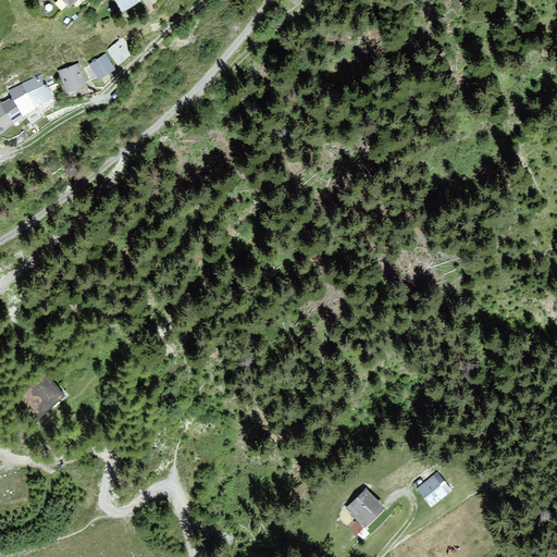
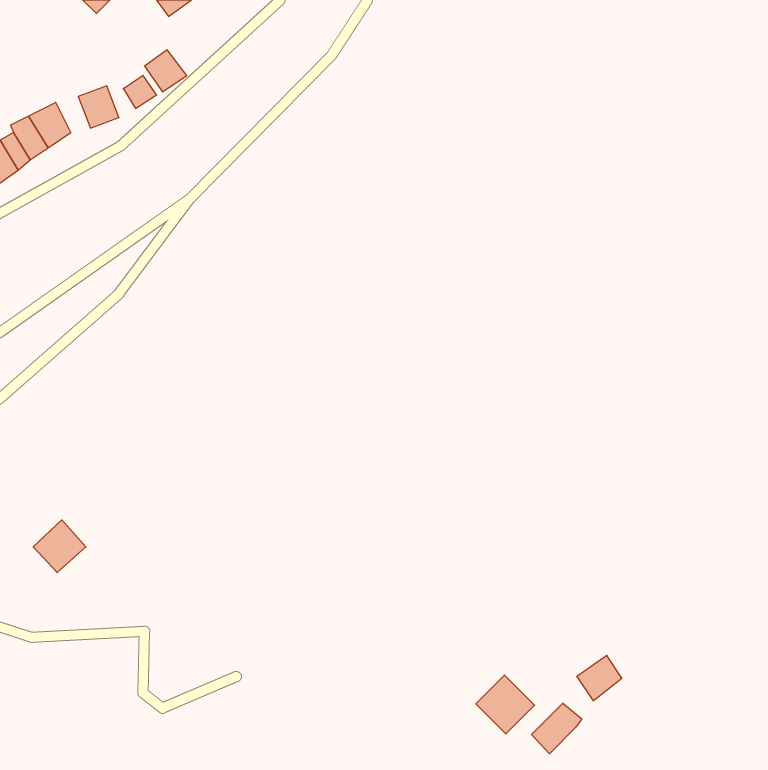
building: none -> [532,703,582,754]

